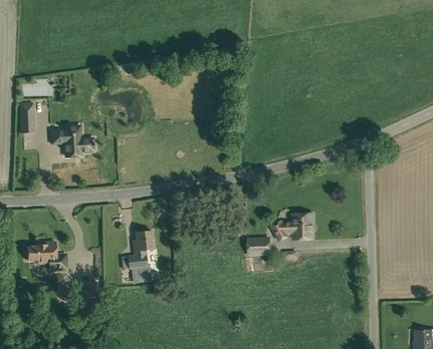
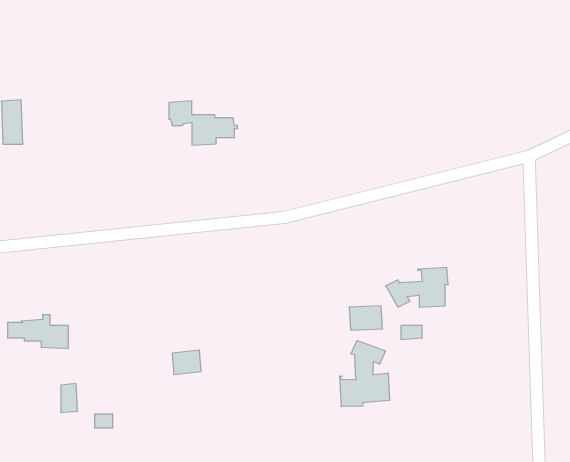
building: [49,126,94,155] -> [169,101,238,145]
building: [127,230,153,266] -> none
building: none -> [340,341,390,407]

